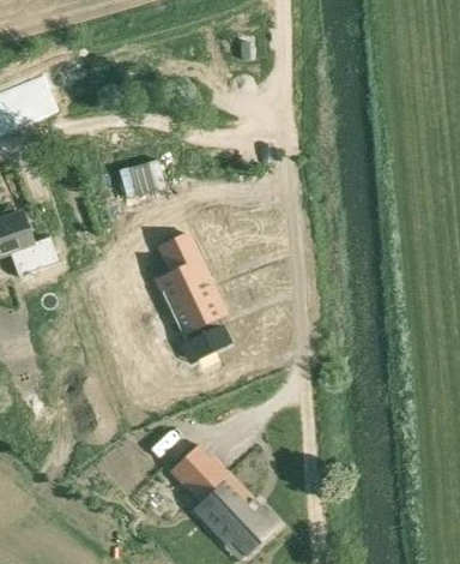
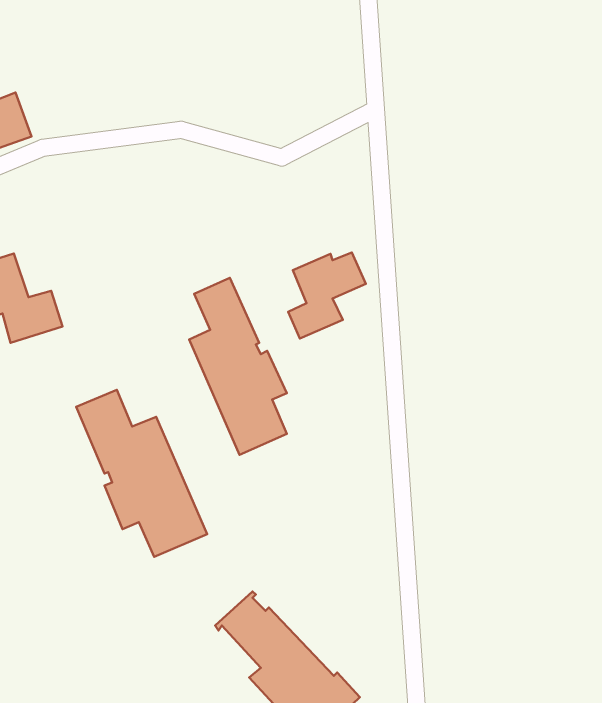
building: none -> [288,253,366,339]
building: none -> [76,390,207,557]

